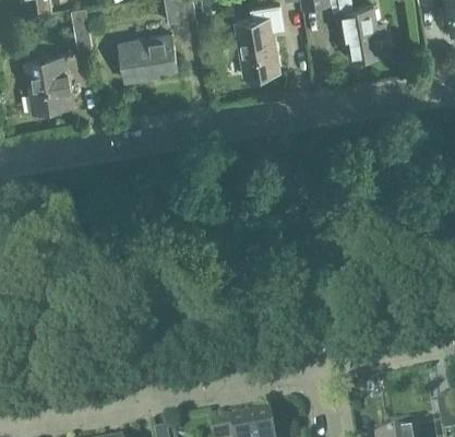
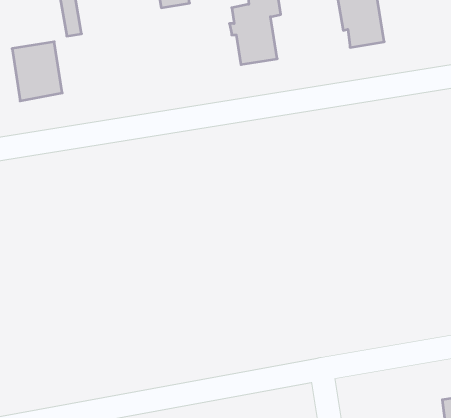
building: [119,31,177,76] -> none

